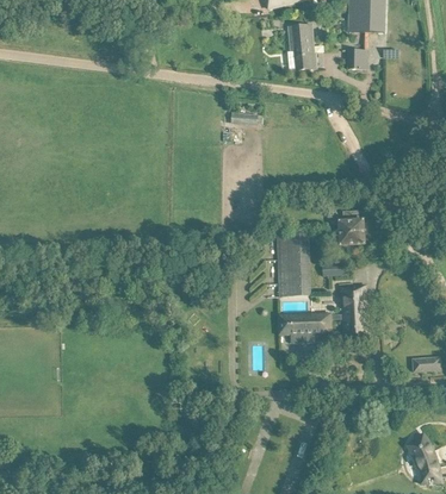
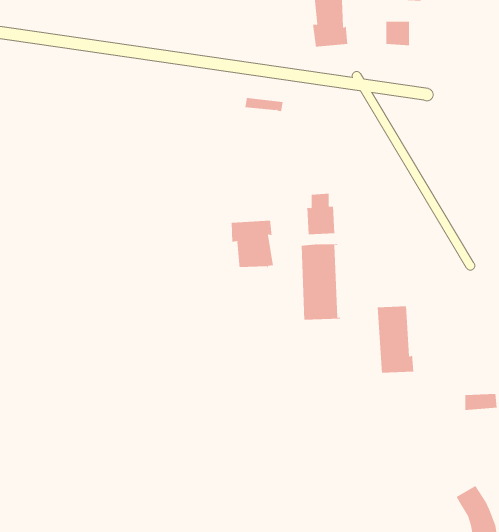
building: [339,210,363,244] -> [306,193,335,235]
building: none -> [231,220,273,268]
building: [279,313,329,343] -> none

